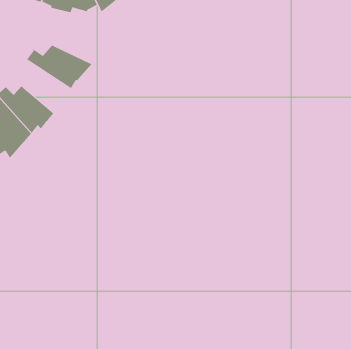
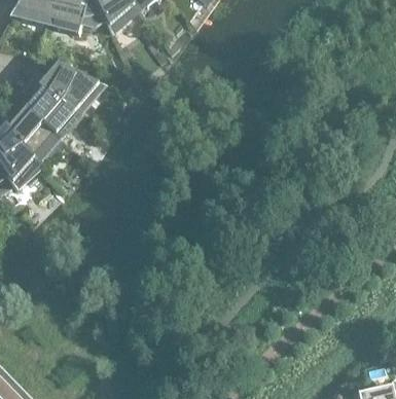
building: none -> [24,81,83,139]

